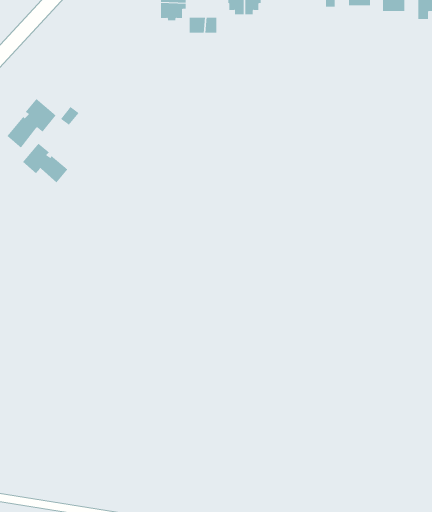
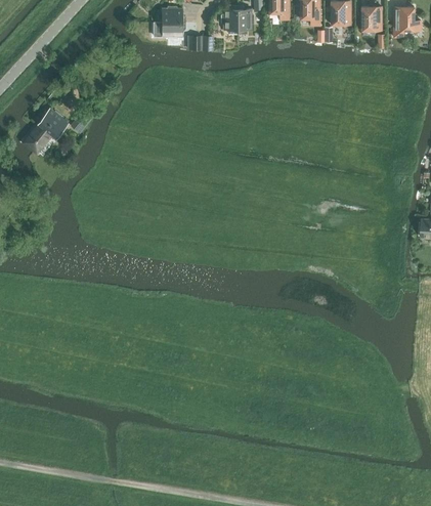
building: [22,143,68,183] -> none

